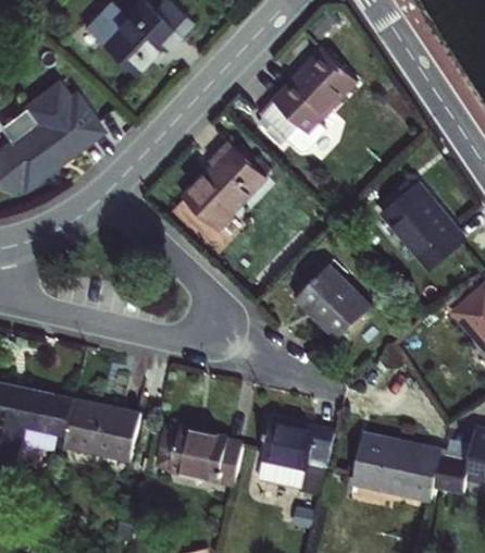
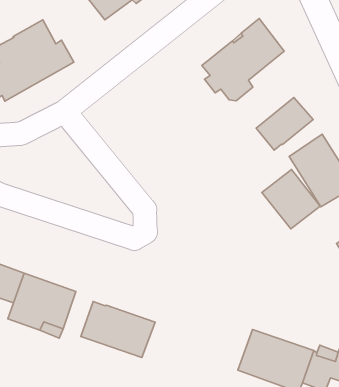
building: none -> [256,97,313,150]
building: [184,143,265,231] -> none
building: [296,266,370,339] -> [262,170,320,229]
building: [256,416,335,495] -> none

